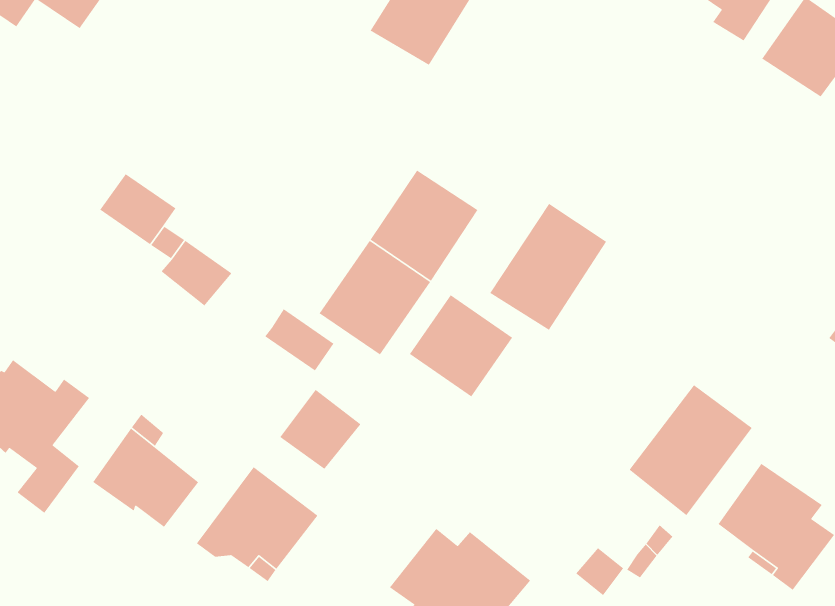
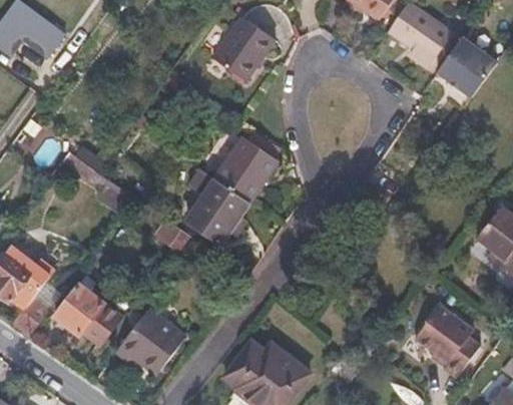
building: [489,203,607,331] -> none
building: [409,294,513,397] -> none
building: [629,384,753,516] -> none
building: [279,389,362,470] -> none

